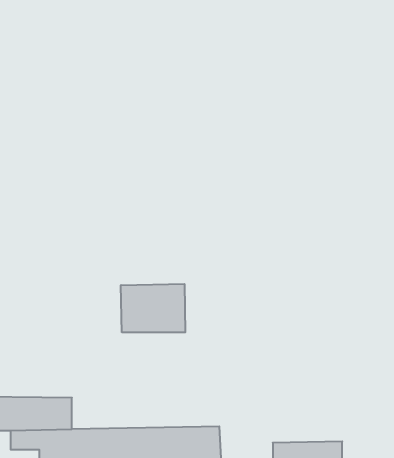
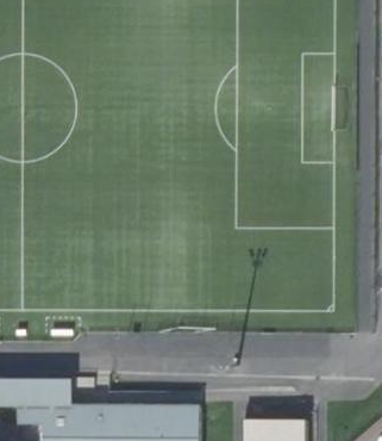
building: [121,284,185,332] -> none

